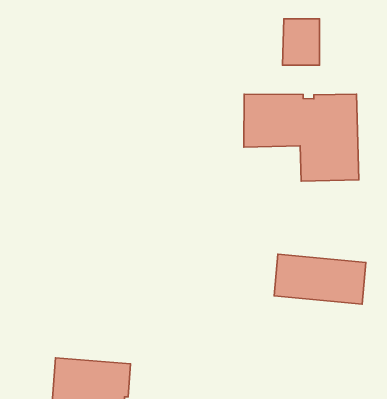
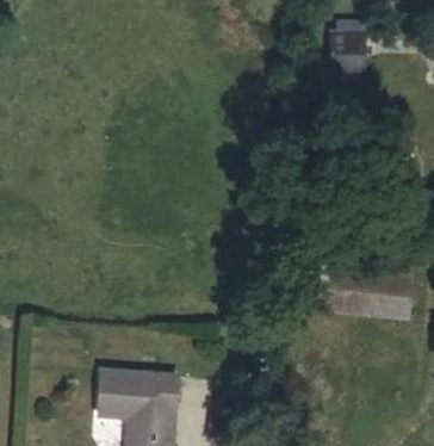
building: [244,94,359,181] -> none

